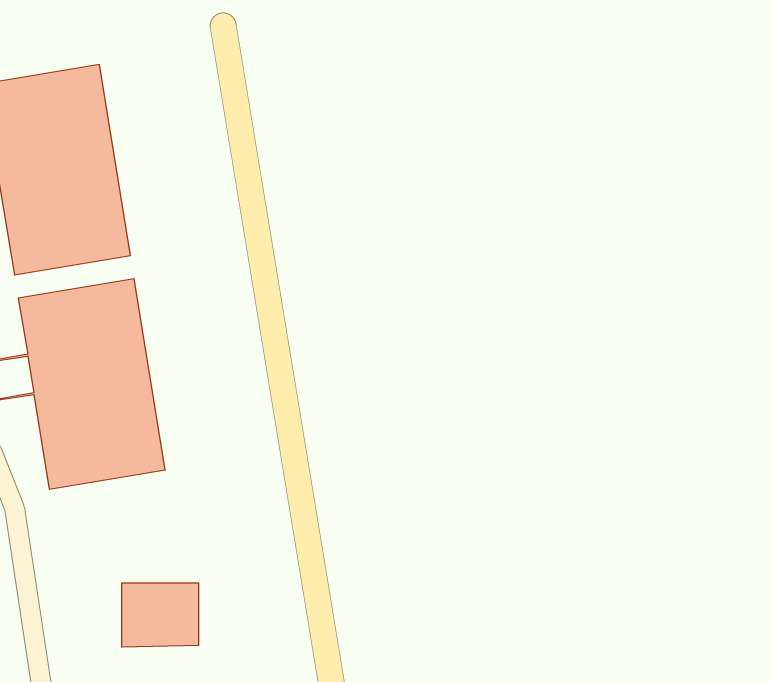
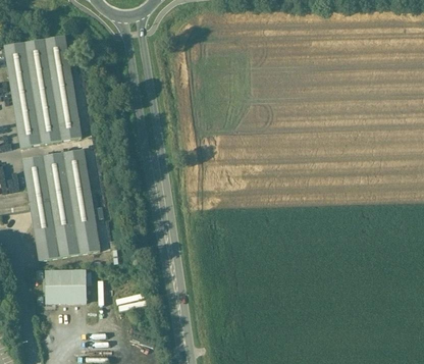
building: [122,583,199,647] -> [45,270,86,304]

